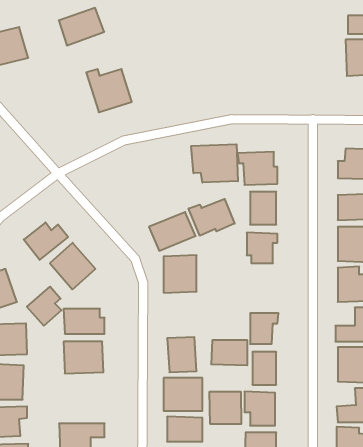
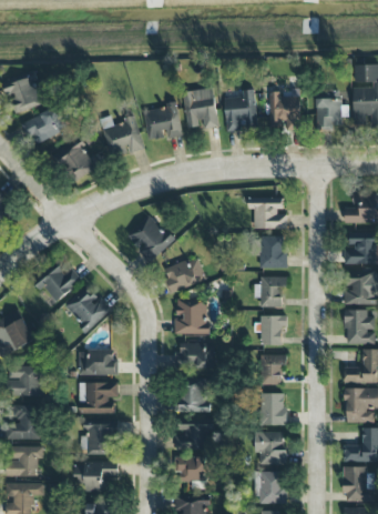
building: [59,8,104,45] -> [22,109,67,145]
building: none -> [183,89,217,129]
building: none -> [224,90,256,132]
building: none -> [316,91,348,130]
building: none -> [268,92,300,131]
building: none -> [143,104,182,141]
building: none -> [54,139,103,183]
building: [191,144,238,183] -> none
building: none -> [126,215,173,262]
building: [189,199,235,236] -> none
building: none -> [259,316,286,345]
building: [27,287,61,326] -> none
building: [211,340,247,365] -> [178,344,214,369]
building: none -> [80,424,116,454]
building: [210,392,241,424] -> none

